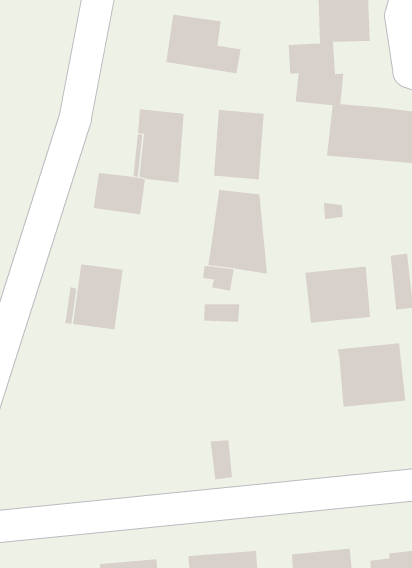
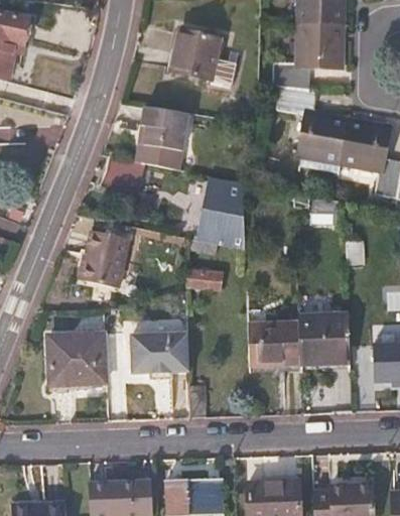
building: [213,109,264,180] -> none
building: [305,266,371,323] -> [248,322,300,367]
building: none -> [129,334,187,375]
building: none -> [48,333,106,386]

